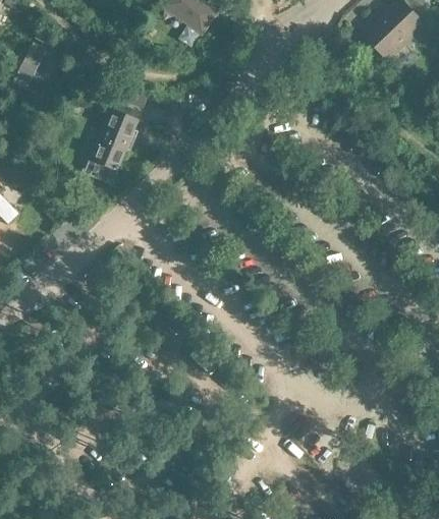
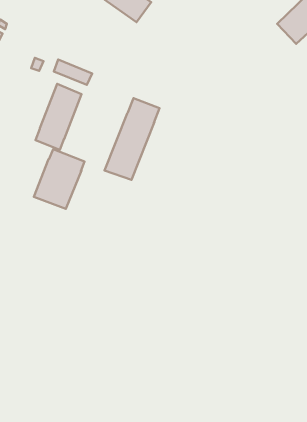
building: none -> [105,98,160,180]
building: none -> [34,149,85,209]

